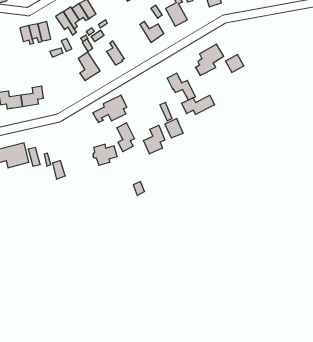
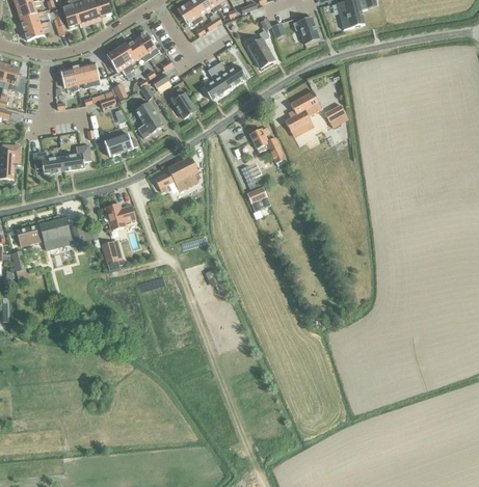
building: none -> [203,65,229,99]
building: none -> [104,133,137,156]
building: [182,95,215,114] -> none
building: [117,123,135,152] -> none
building: [143,125,165,154] -> none
building: [93,144,117,165] -> [104,202,135,229]

